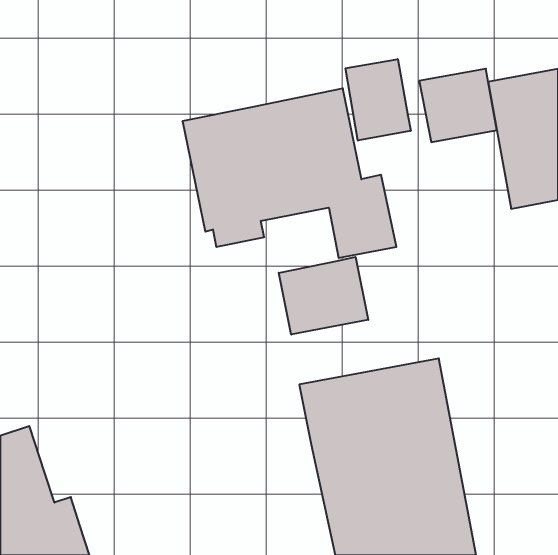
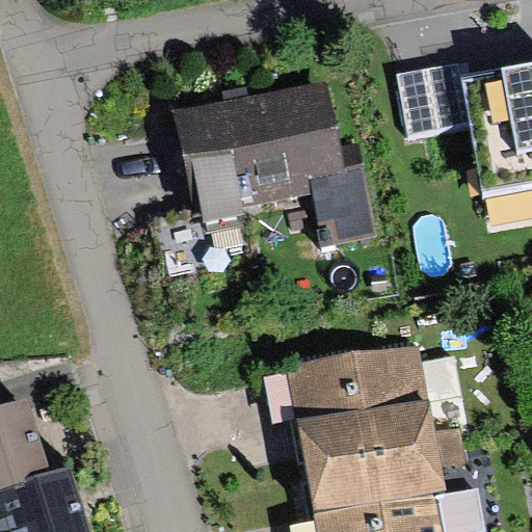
building: [346,59,411,141] -> none
building: [279,257,368,335] -> none

